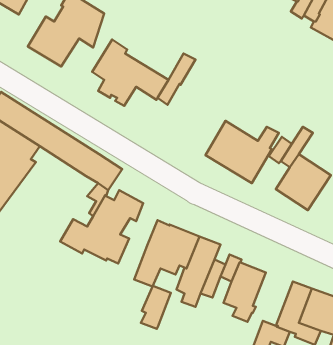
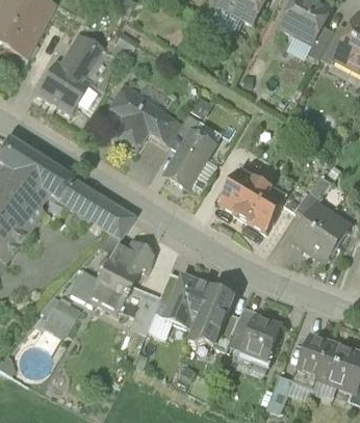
building: none -> [166,129,214,187]
building: none -> [43,298,78,336]
building: [141,286,171,329] -> [128,289,159,334]

